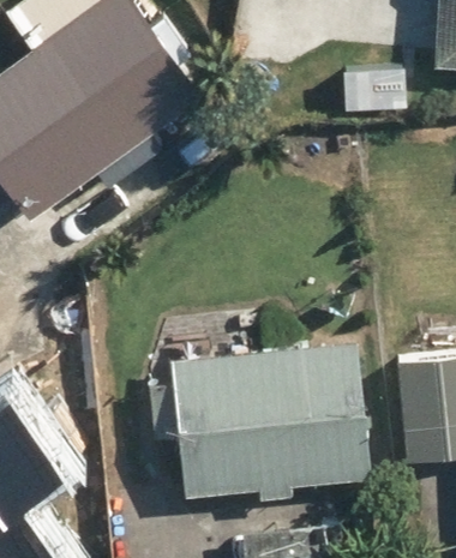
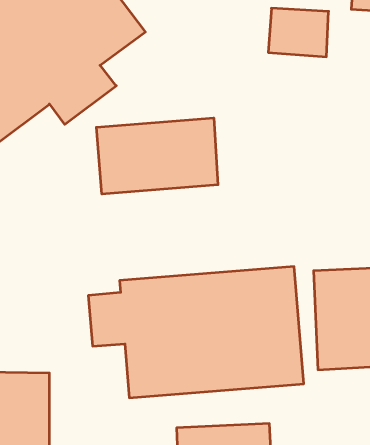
building: none -> [96,118,218,194]

